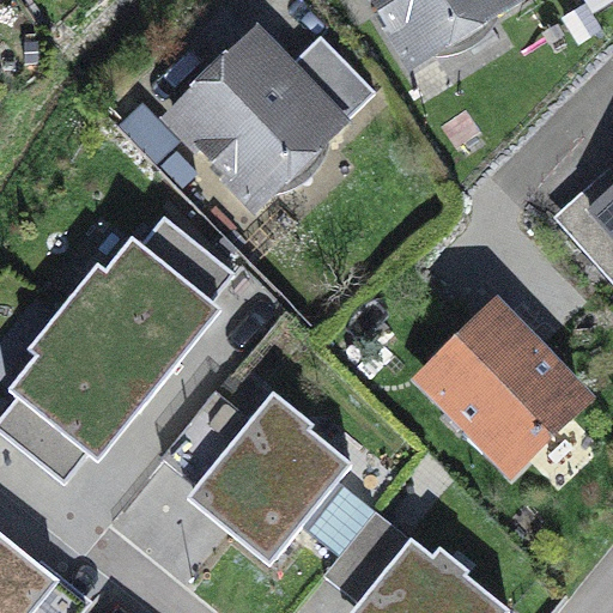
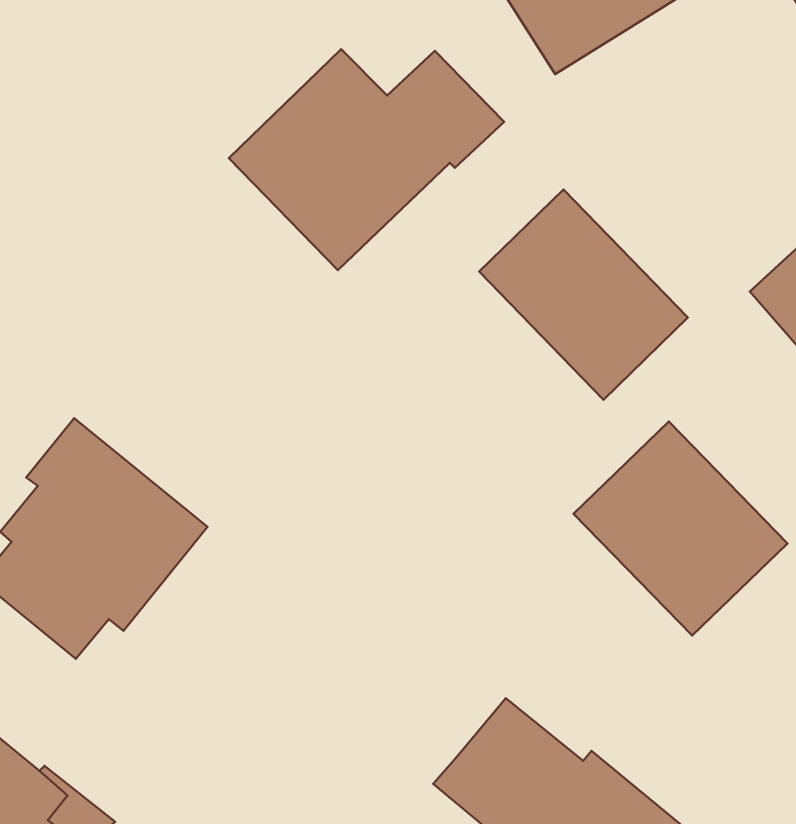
building: none -> [479,189,688,400]
building: [62,218,235,388] -> none
building: [163,394,376,566] -> none

